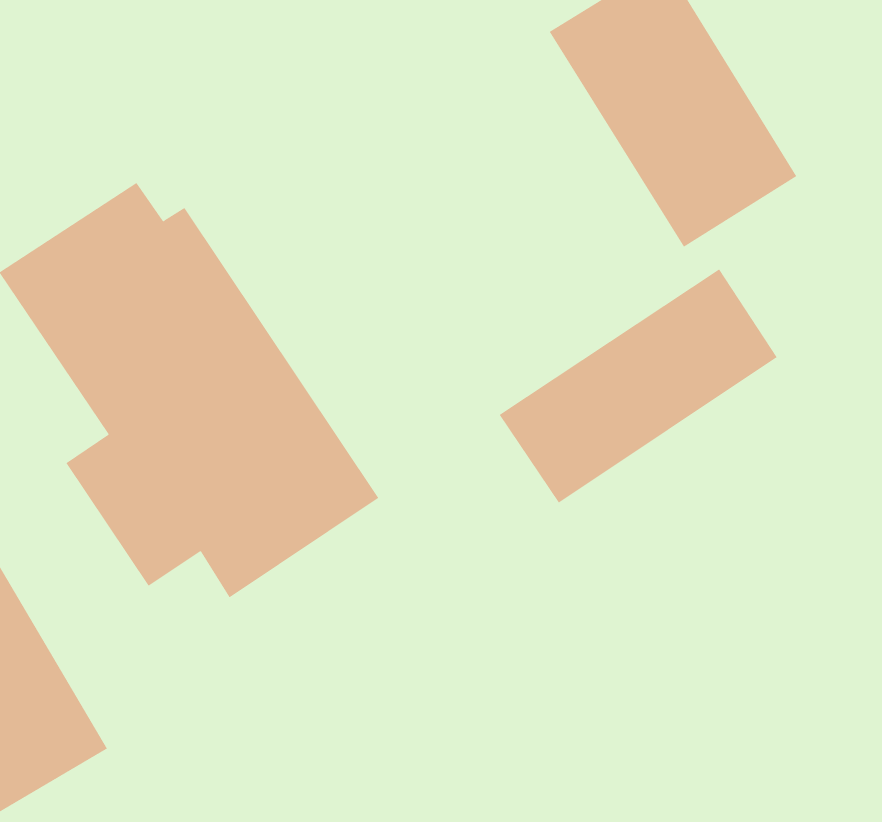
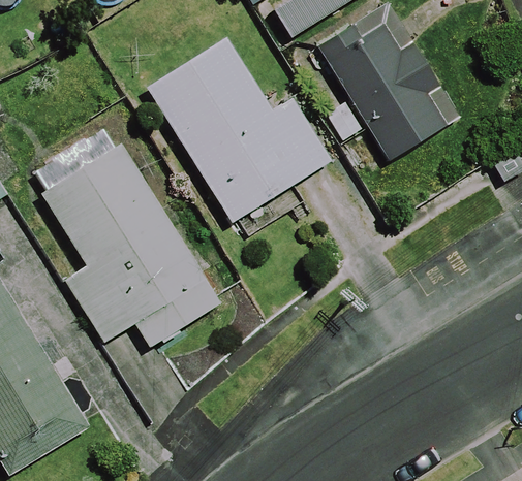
building: none -> [147,41,327,221]
building: [499,269,777,504] -> none

